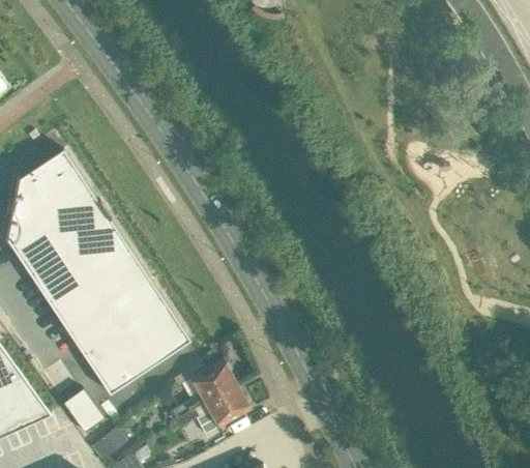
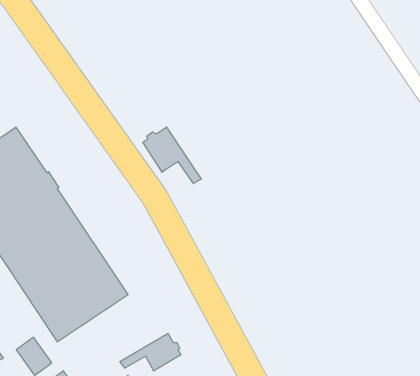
building: none -> [143,127,201,184]
building: [170,361,236,421] -> none

